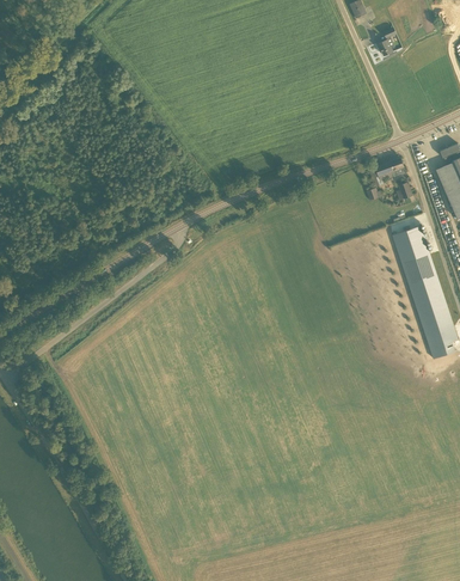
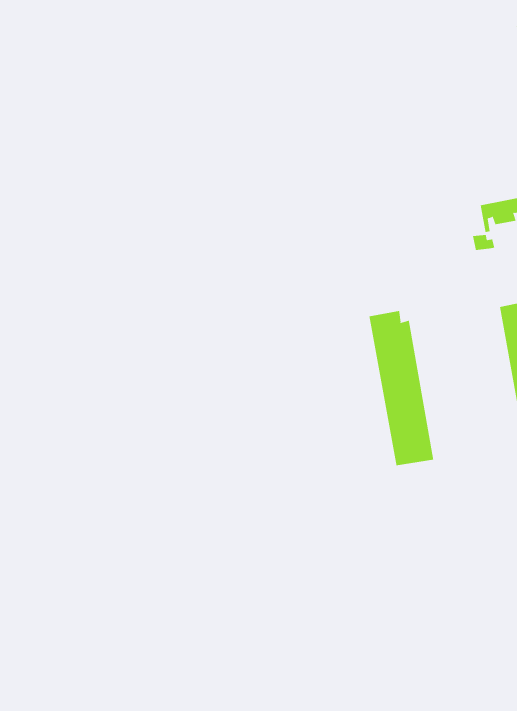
building: none -> [369,310,434,466]

